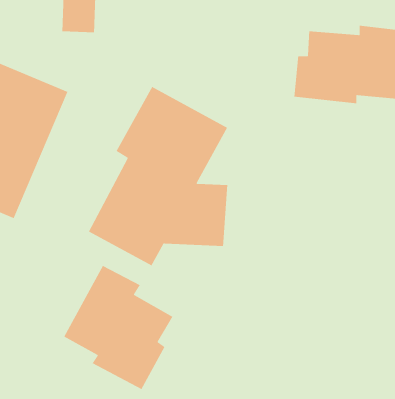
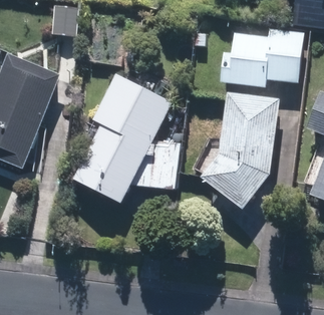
building: none -> [199,91,277,207]
building: [63,265,173,390] -> none

